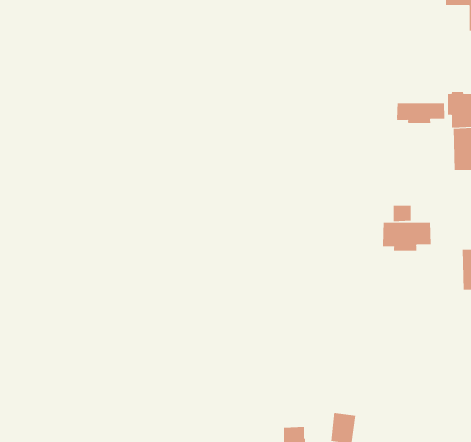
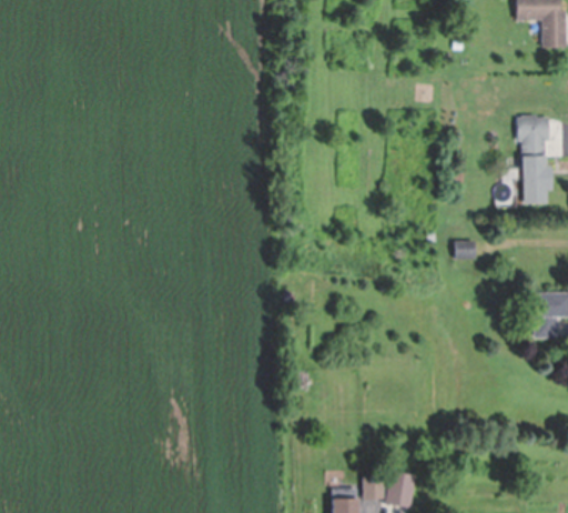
building: [397,102,445,124] -> none
building: [382,222,431,252] -> none
building: none -> [364,482,385,504]

